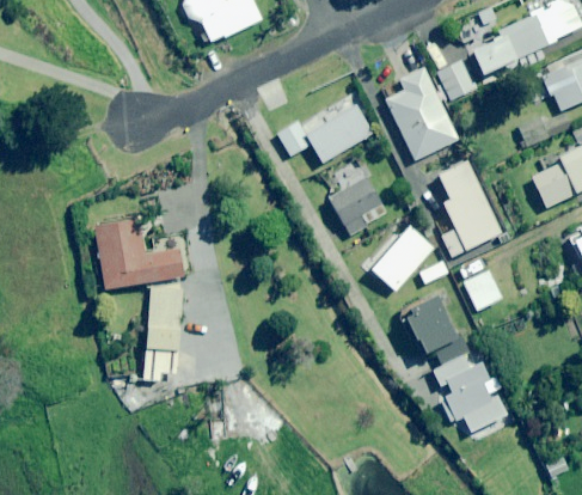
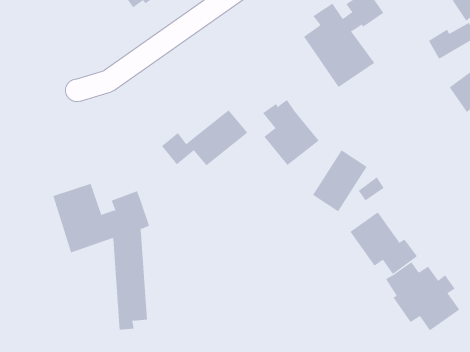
building: [277,105,372,161] -> [161,109,248,166]
building: [437,160,501,256] -> none
building: [462,270,502,311] -> none

